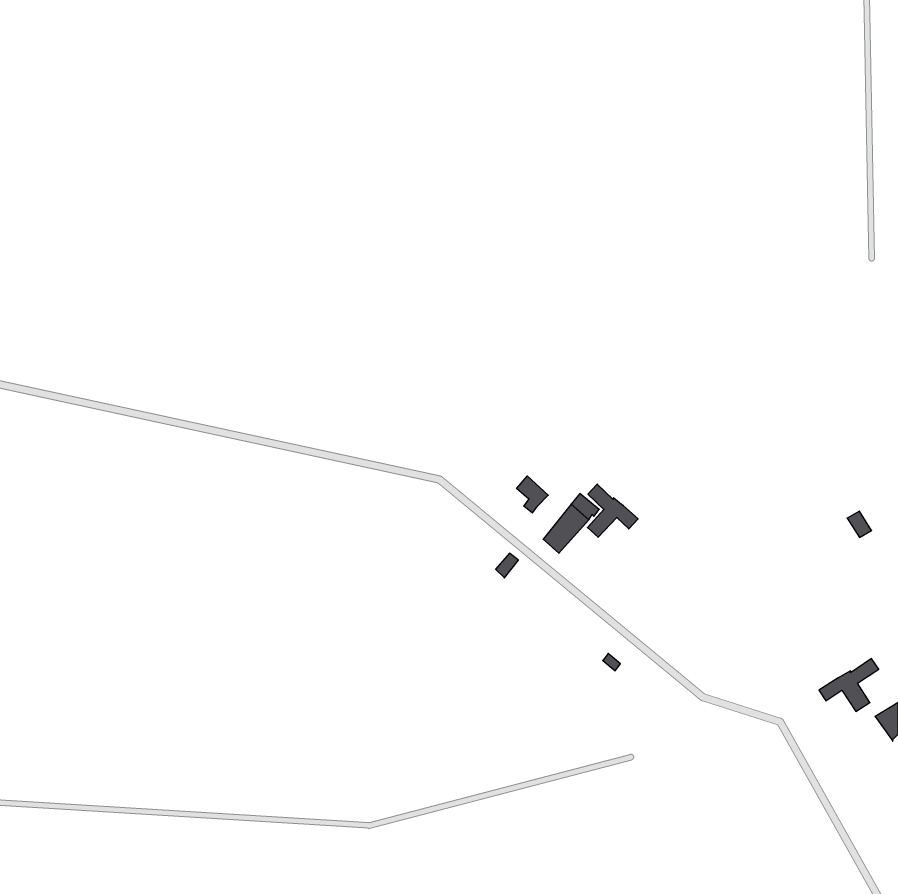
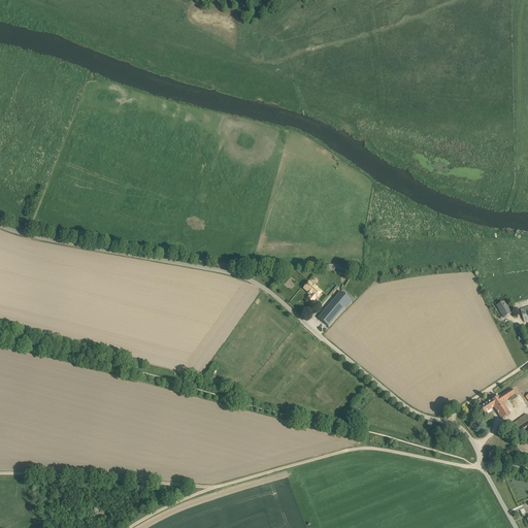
building: [587,484,638,537] -> none

